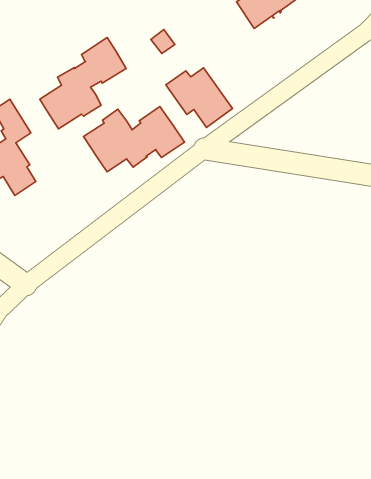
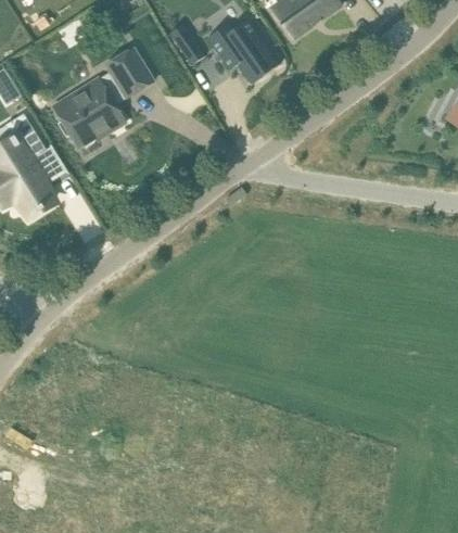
building: [166,68,232,128] -> [205,18,278,84]
building: [84,106,184,172] -> none

